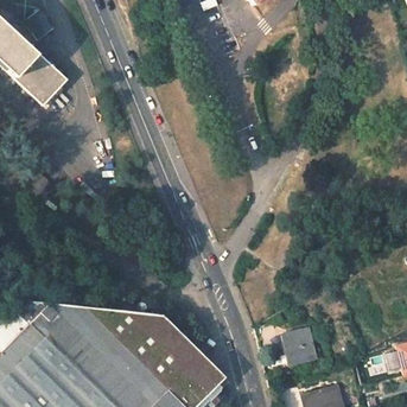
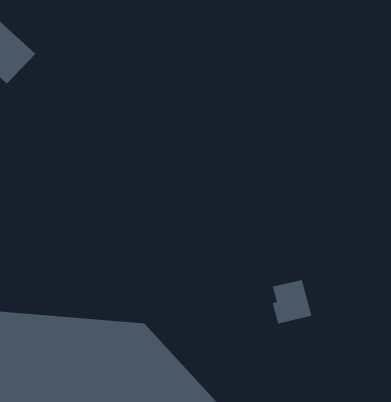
building: [285,327,319,365] -> [272,279,312,324]

